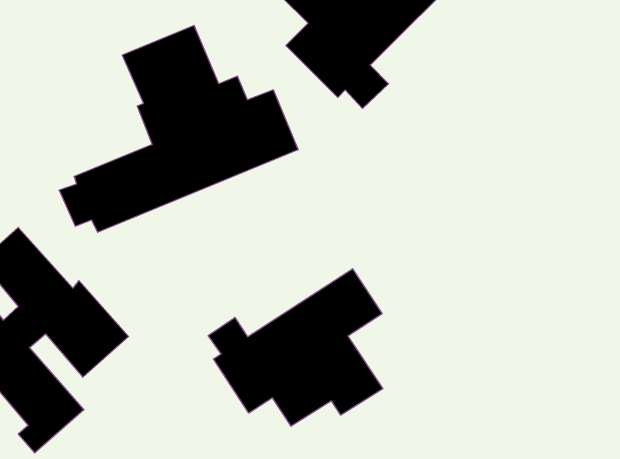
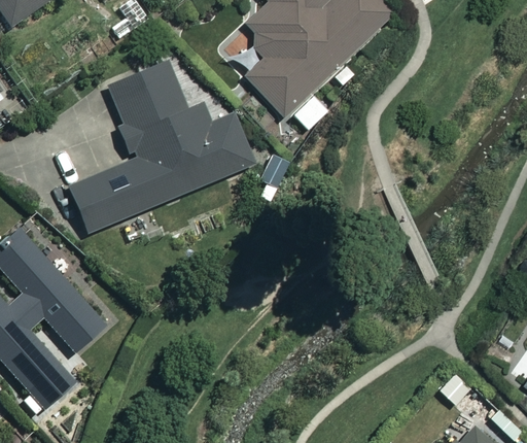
building: [208,269,383,426] -> none

